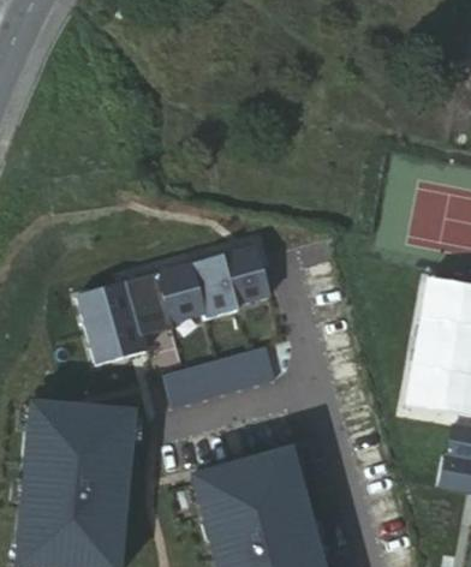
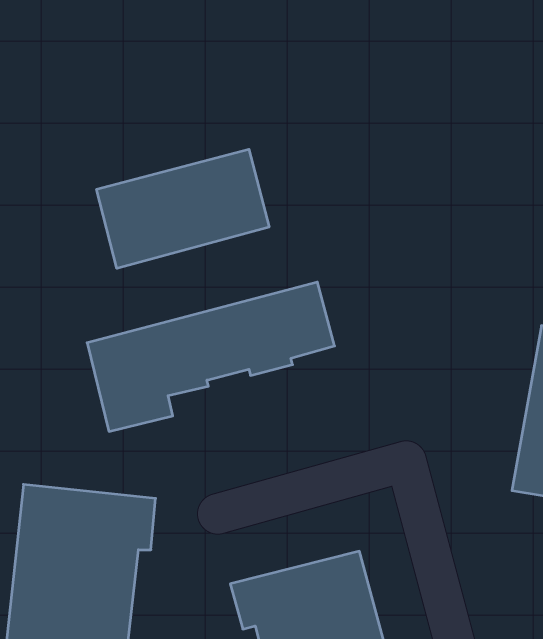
building: none -> [97,149,269,268]
building: [165,344,278,405] -> none

